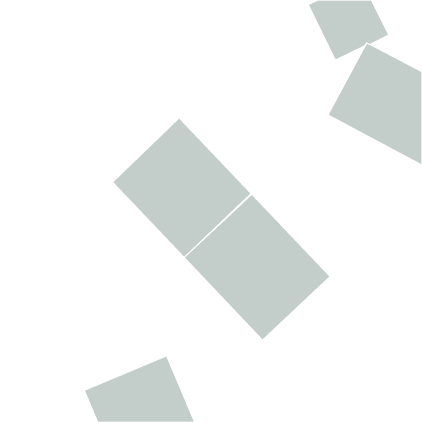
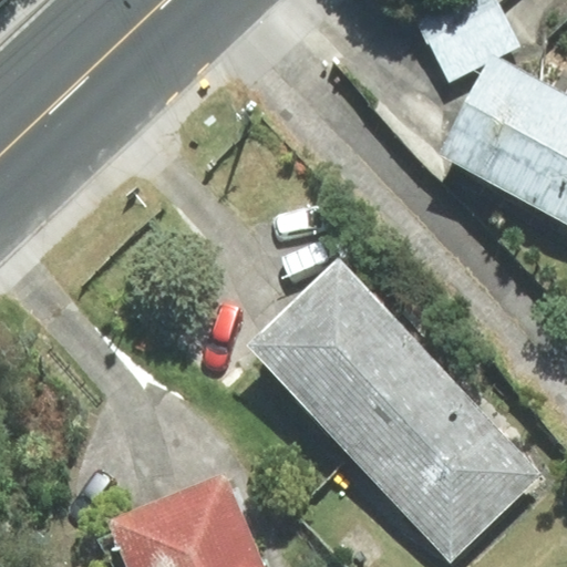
building: [112,118,251,258] -> none
building: none -> [352,371,540,559]

